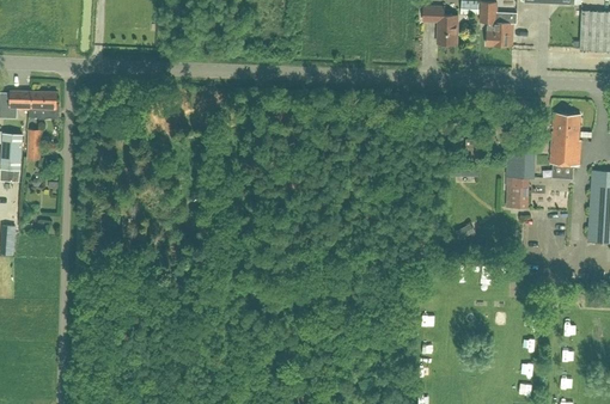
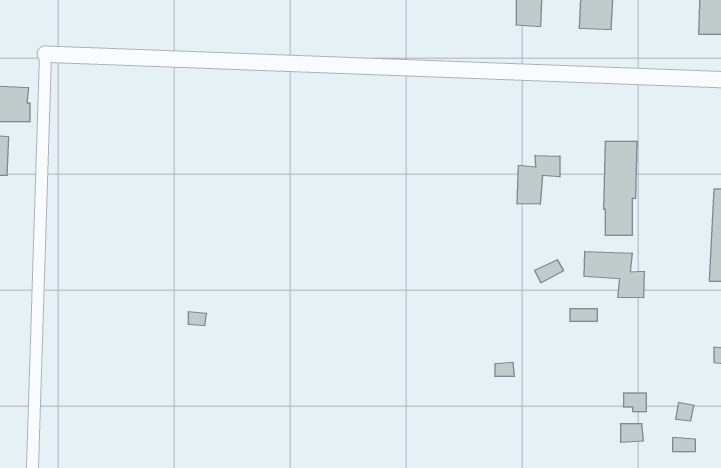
building: [550,114,581,166] -> none
building: none -> [517,155,560,204]
building: none -> [584,251,644,298]

